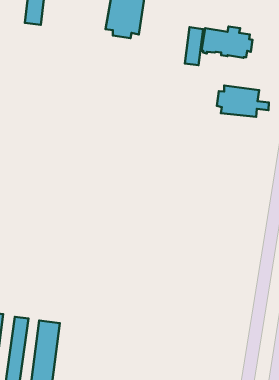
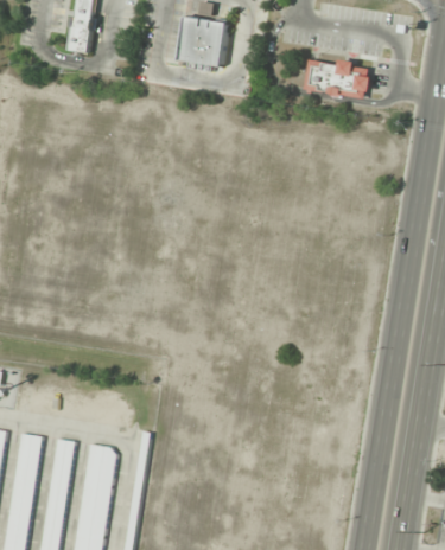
building: [185,27,203,65] -> none
building: [217,86,269,117] -> none

